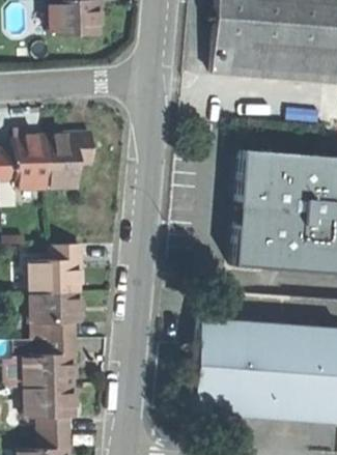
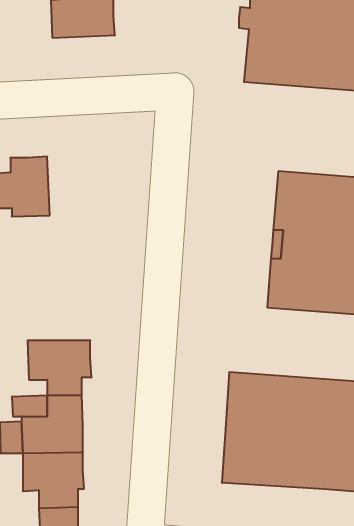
building: [45,133,92,186] -> none
building: [28,245,81,291] -> none

